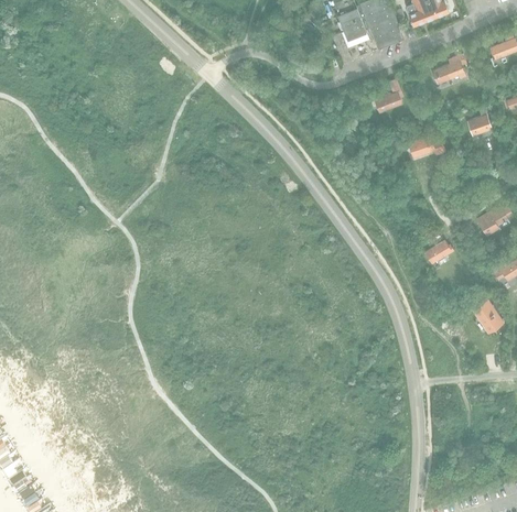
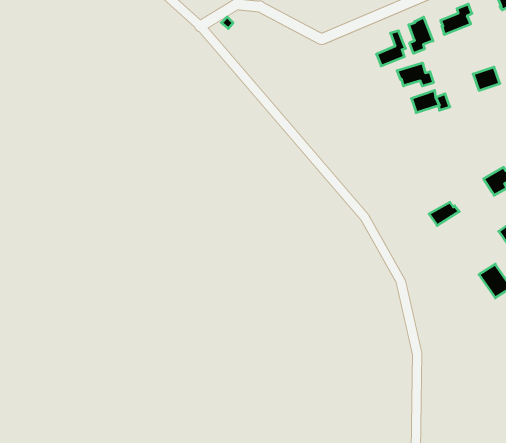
building: none -> [409,17,433,53]
building: none -> [397,63,433,86]

